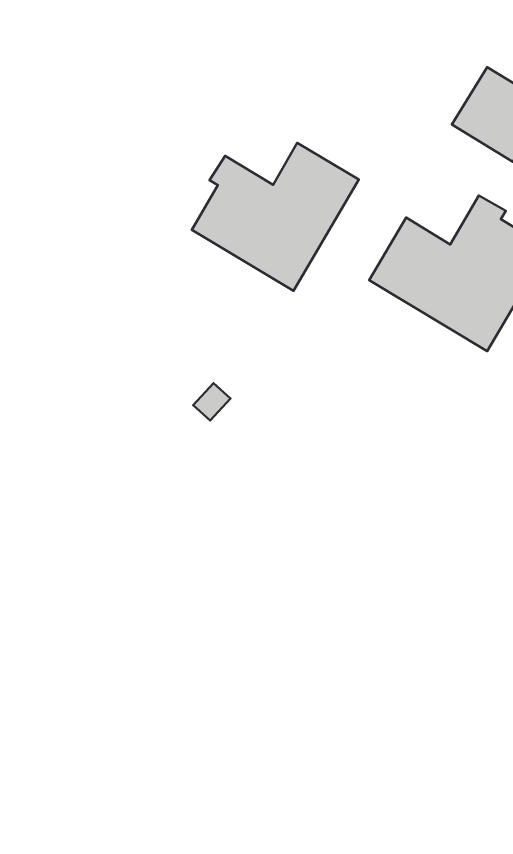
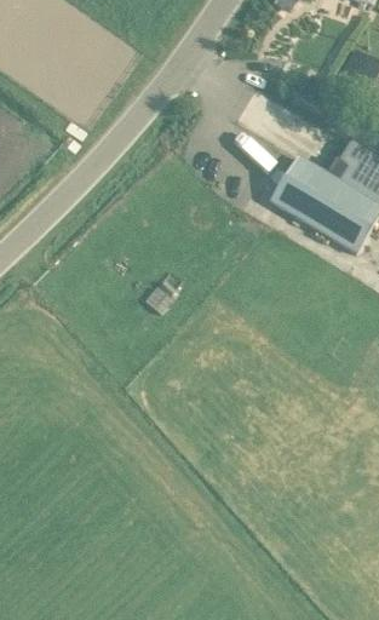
building: [192,143,359,291] -> none

